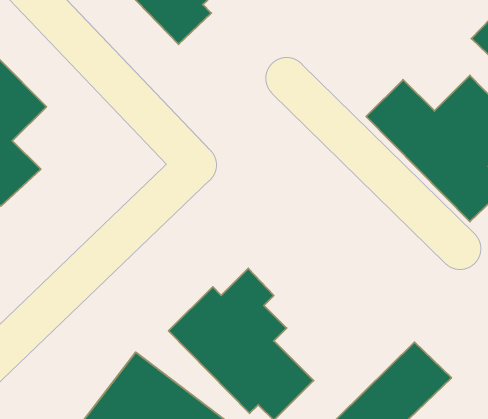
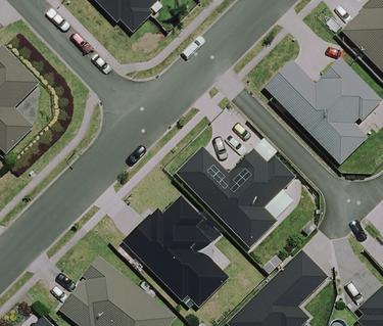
building: none -> [177,144,293,249]

